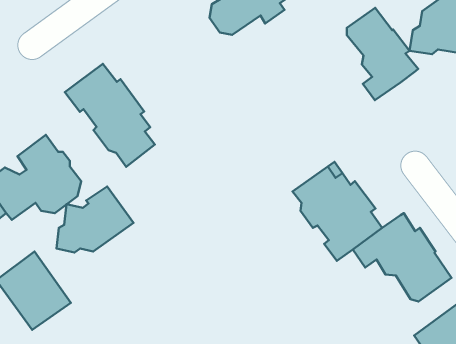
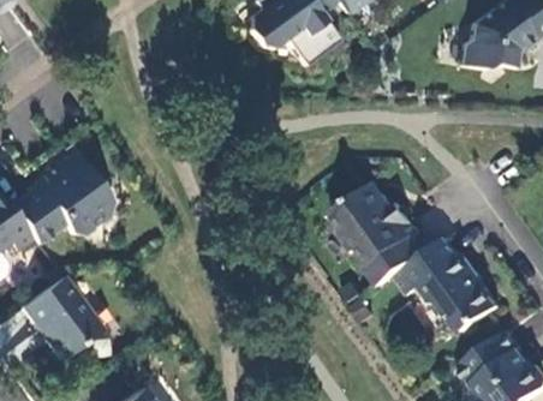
building: [347,8,418,100] -> none
building: [65,64,155,167] -> none
building: [56,186,133,253] -> none

